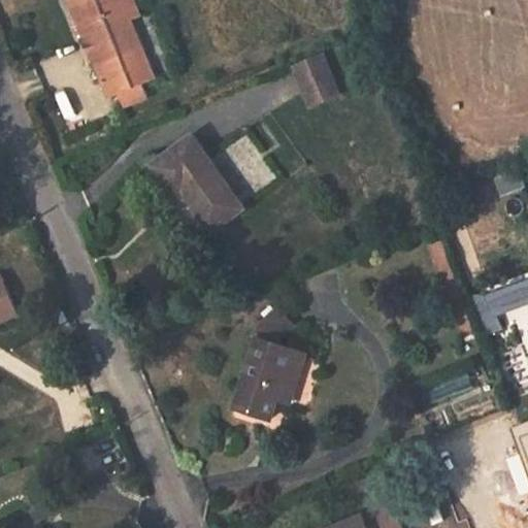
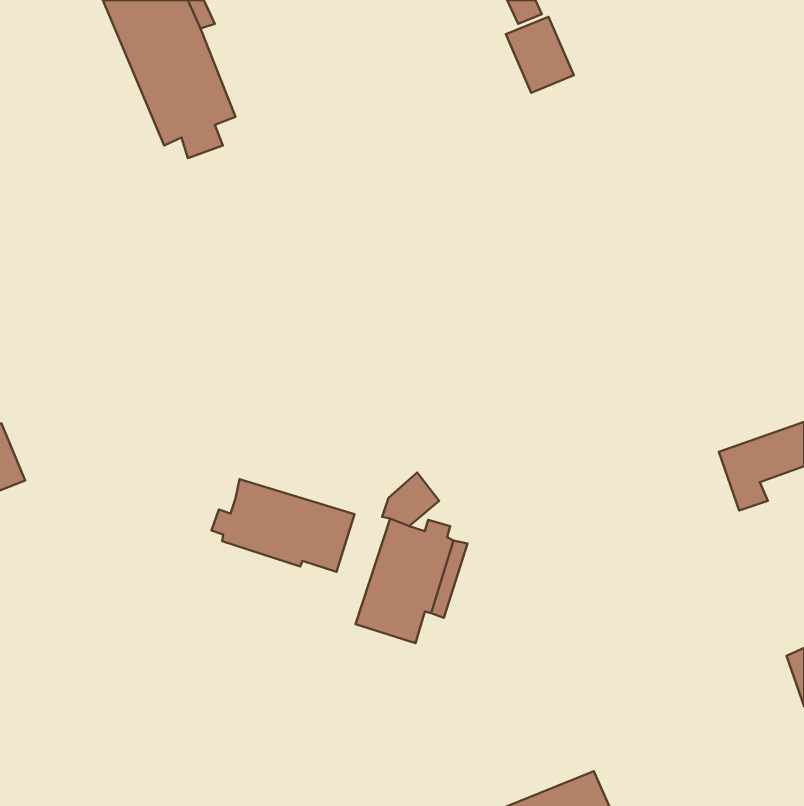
building: [294,57,338,106] -> [506,17,574,93]
building: [152,136,243,231] -> none
building: none -> [211,479,355,572]

